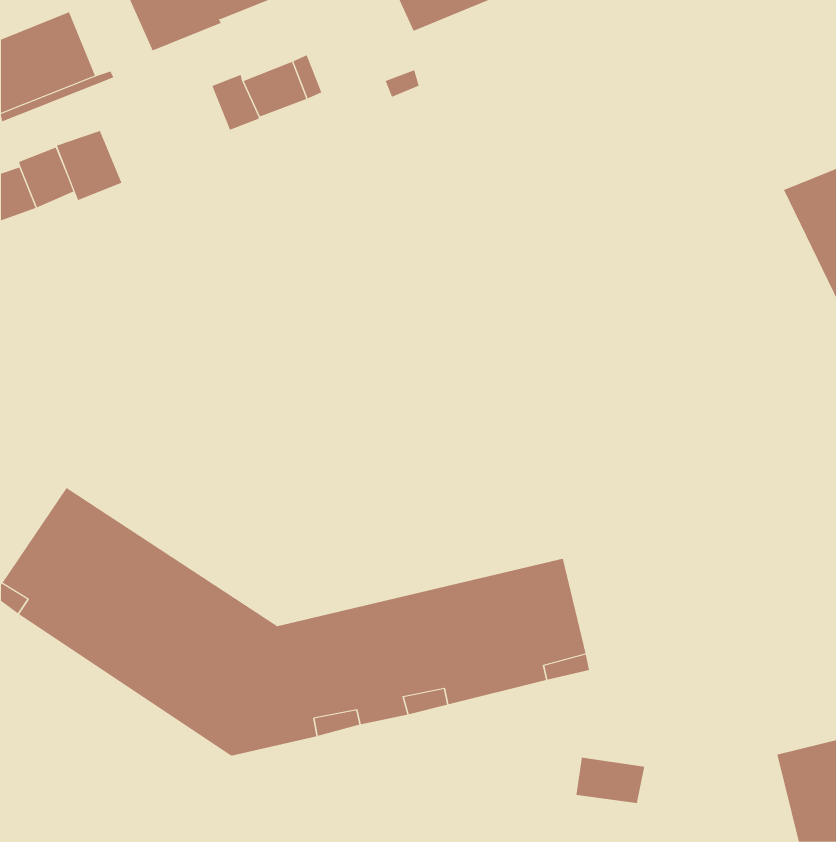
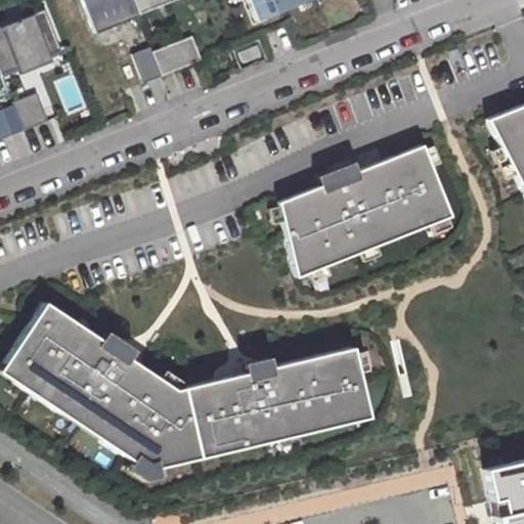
building: [56,130,122,201] -> none
building: none -> [281,144,452,275]
building: [576,757,645,804] -> none

